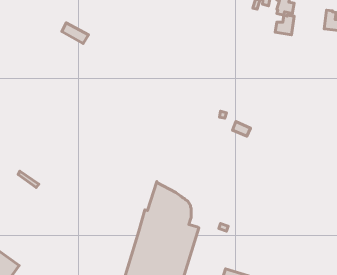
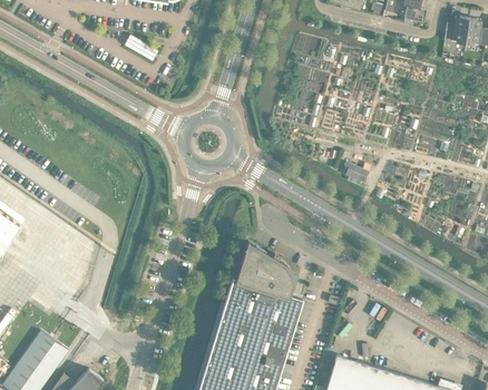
building: [275,15,294,35] -> [445,17,469,42]

